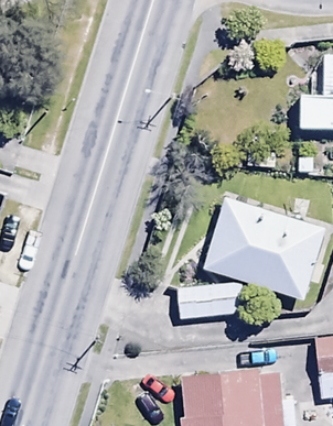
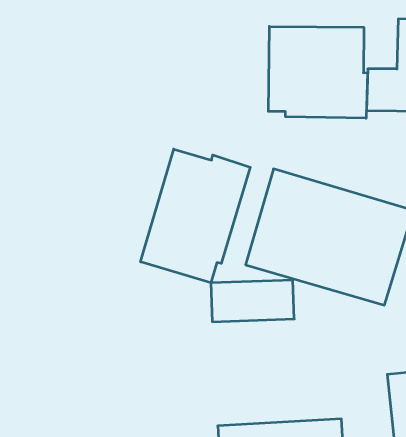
building: none -> [268,26,368,118]
building: none -> [141,149,250,283]

